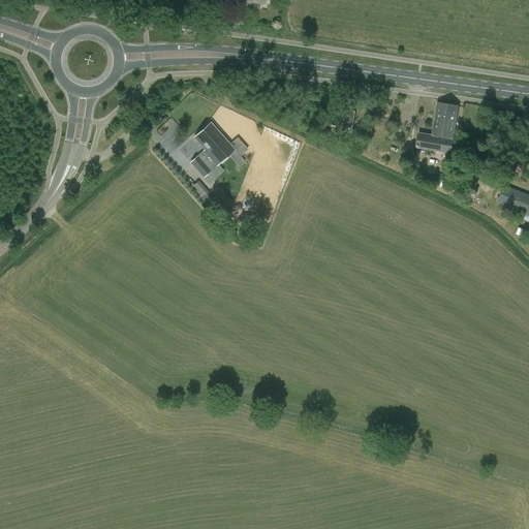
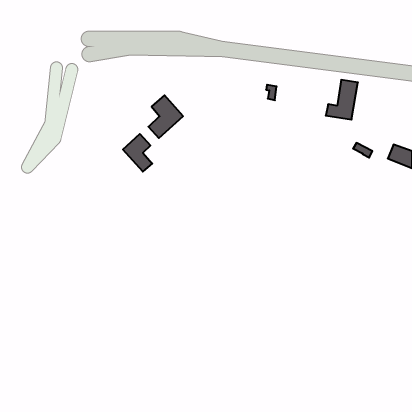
building: none -> [123,134,152,172]

